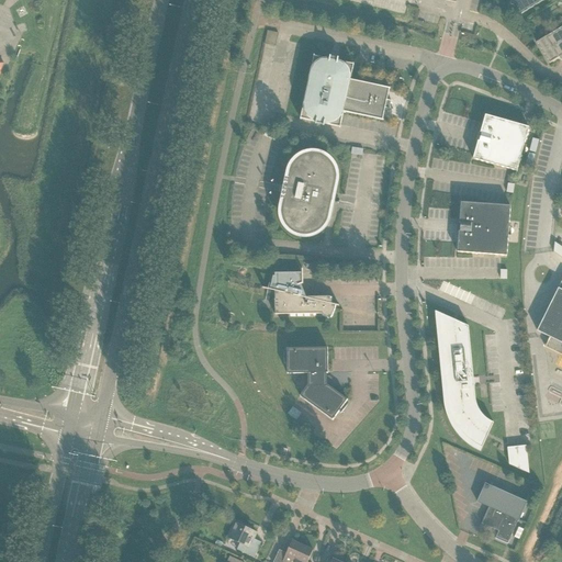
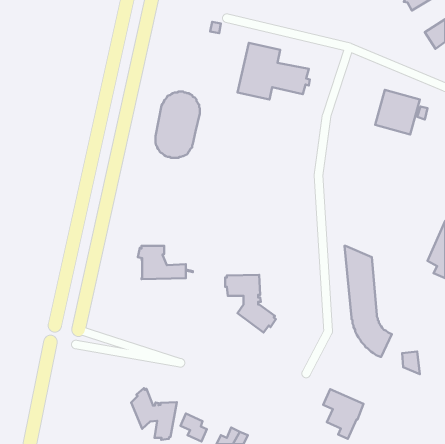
building: [280,150,336,234] -> [155,92,200,158]
building: [456,200,509,254] -> none
building: [269,271,338,313] -> [138,246,193,279]
building: [475,480,526,542] -> [323,389,363,439]
building: none -> [131,388,177,440]

